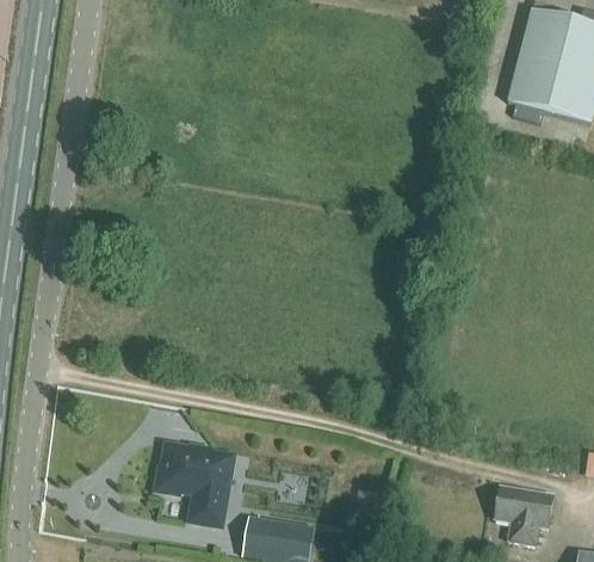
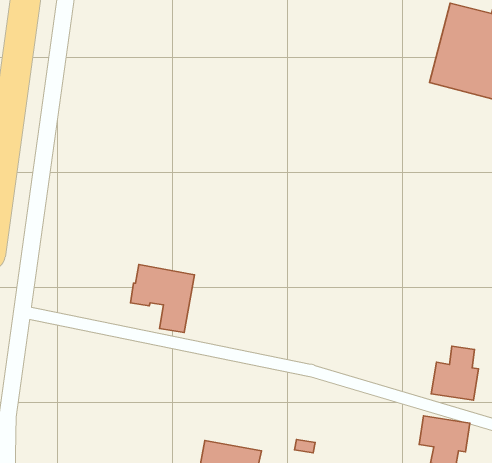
building: none -> [431,346,479,400]
building: [157,446,231,525] -> [130,265,194,333]

